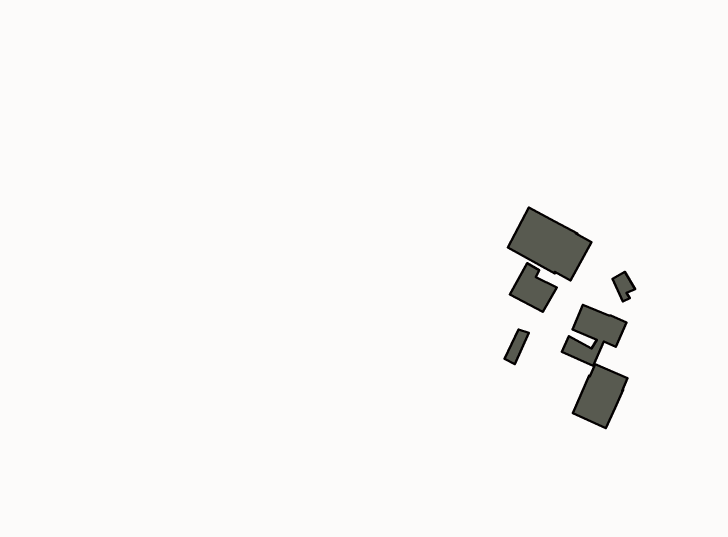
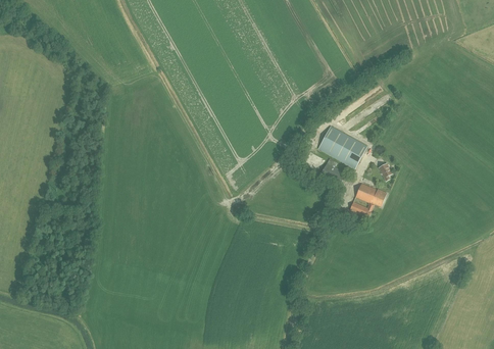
building: [573,364,627,428] -> none

